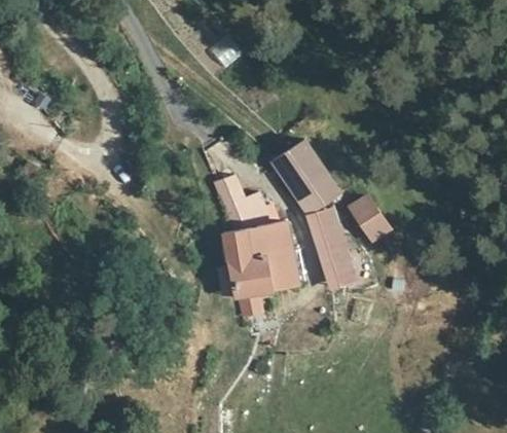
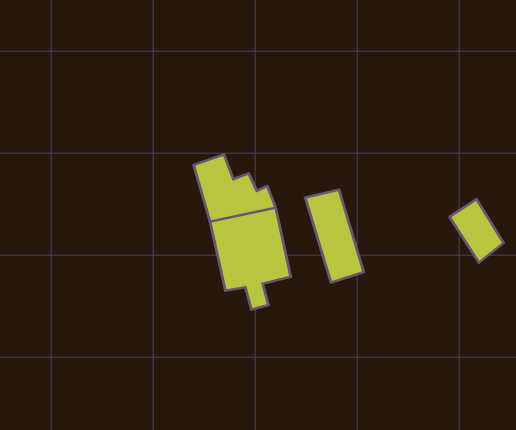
building: [273,138,346,214] -> none
building: [343,190,391,246] -> [450,199,504,263]

